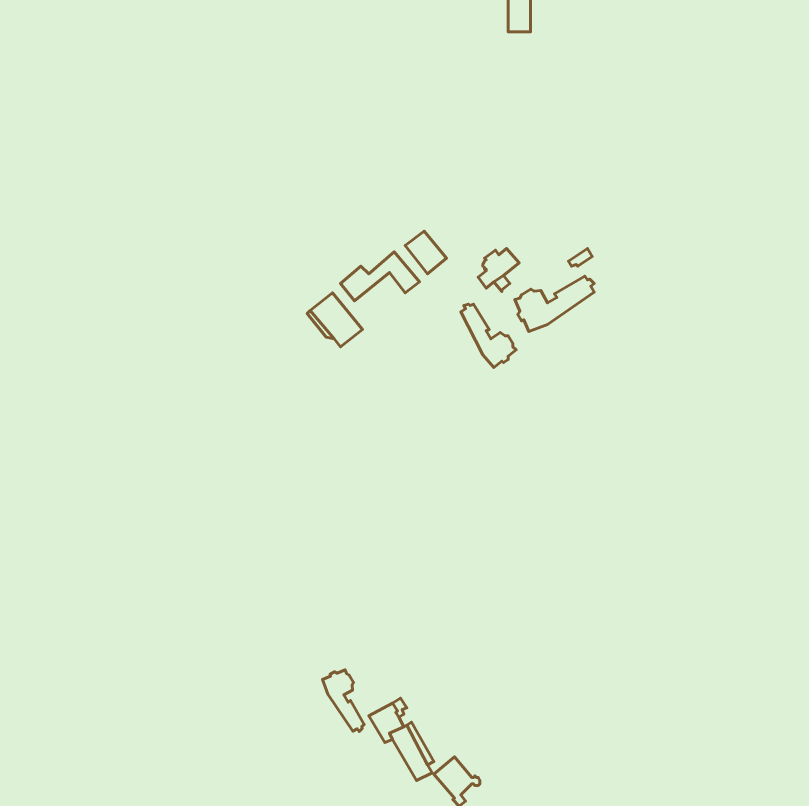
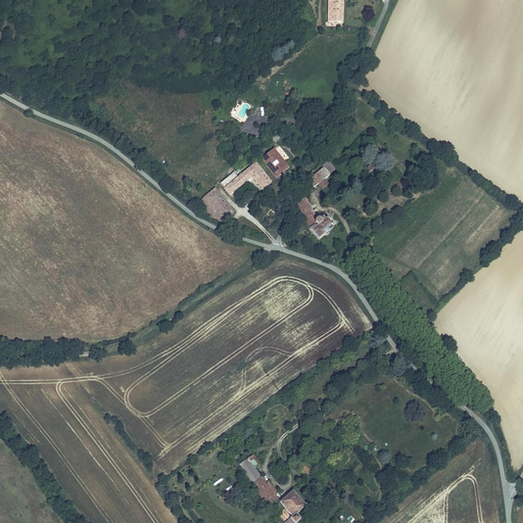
building: [515,276,594,331] -> none
building: [322,670,364,731] -> none

